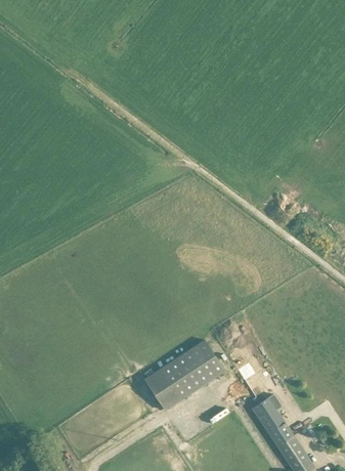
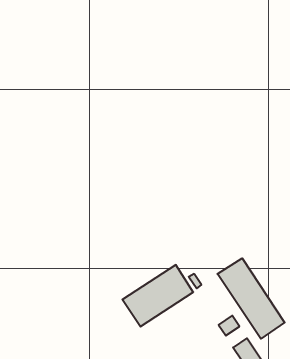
building: none -> [217,258,285,339]

